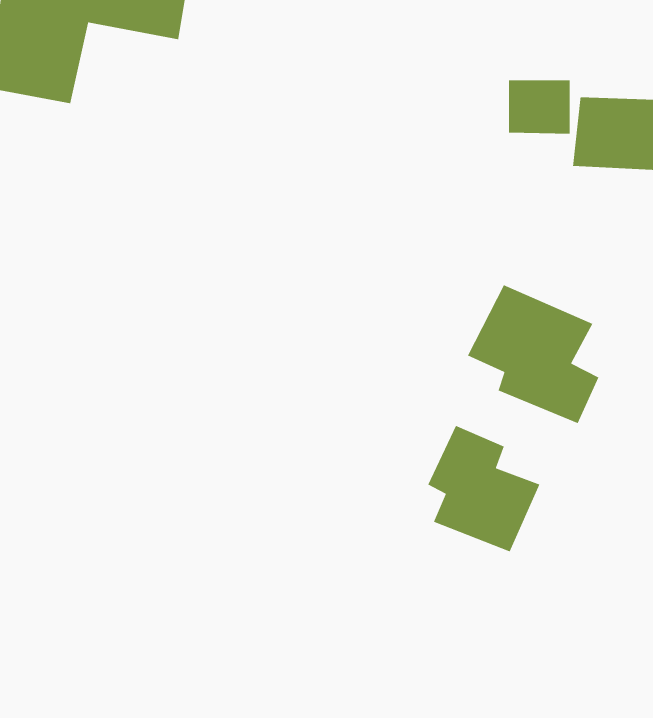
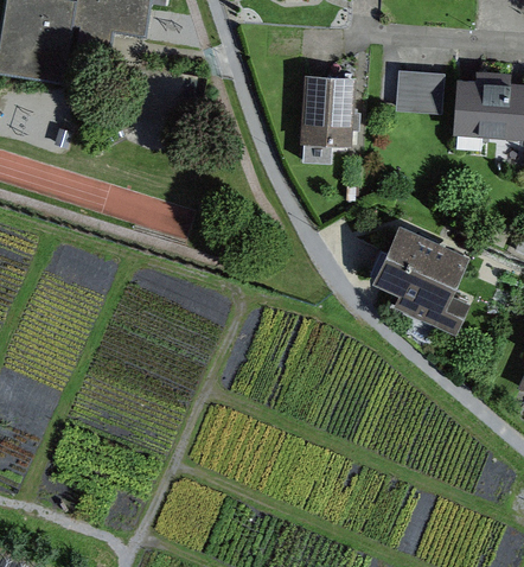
building: none -> [299,74,358,149]
building: [427,425,540,553] -> none

